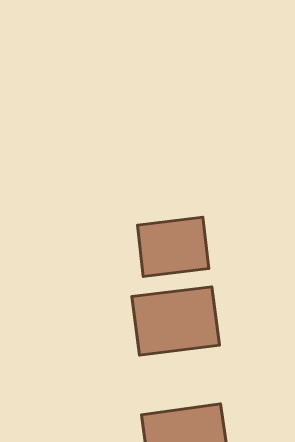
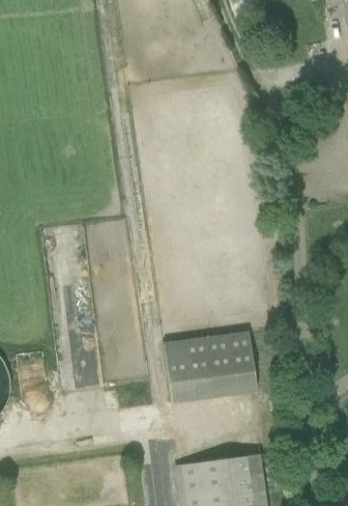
building: [138,217,209,277] -> none

